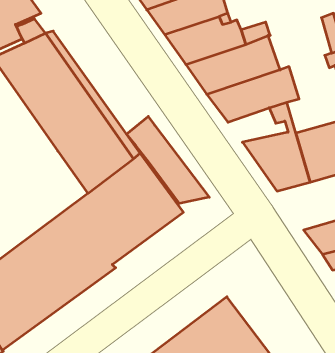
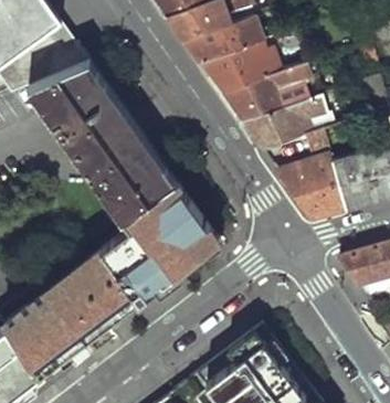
building: [126,116,209,203] -> none

